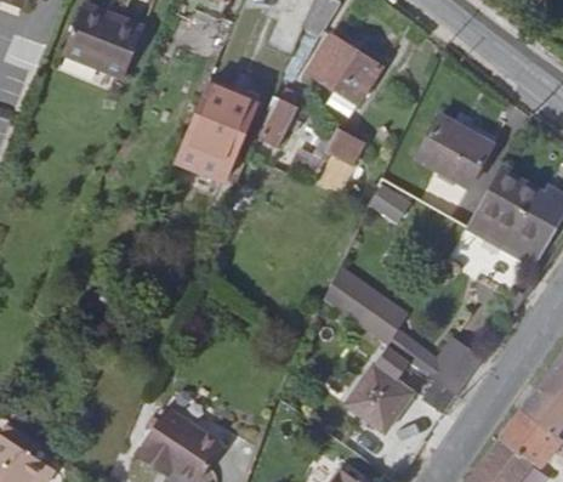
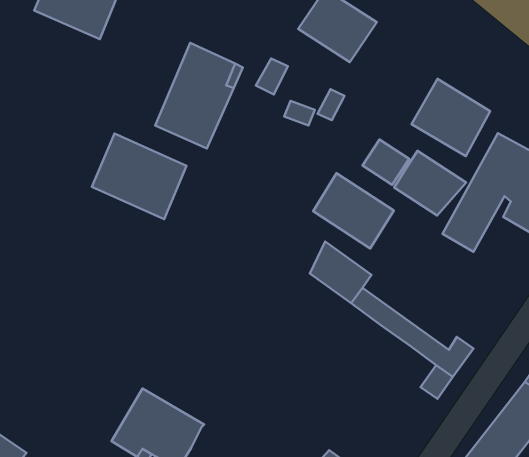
building: none -> [92,134,187,219]
building: none -> [394,151,466,216]
building: none -> [313,173,394,249]
building: [348,350,417,433] -> none

